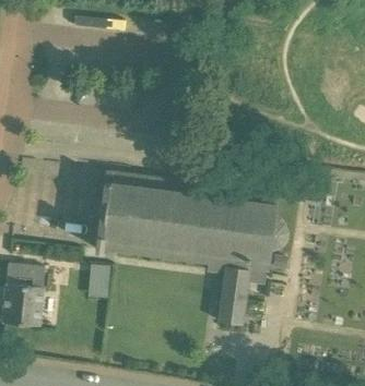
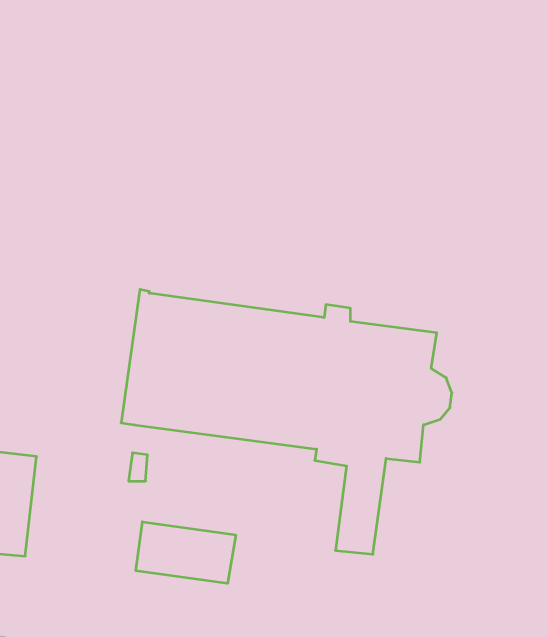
building: none -> [136,522,236,583]

